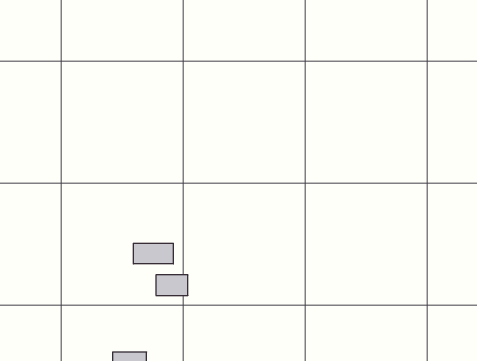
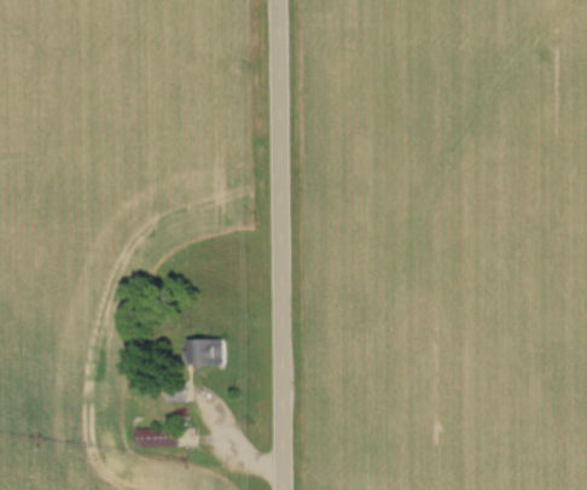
building: [133,243,173,264] -> none

